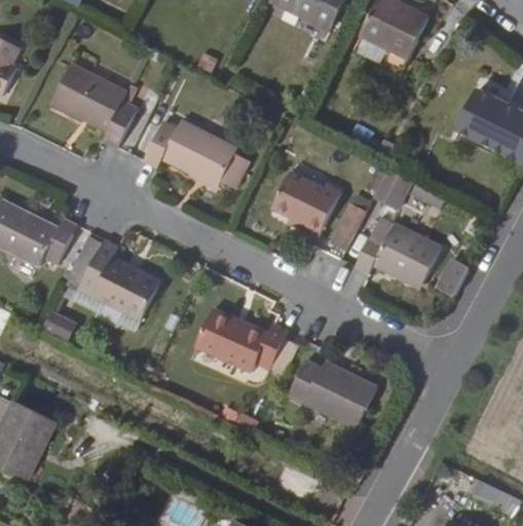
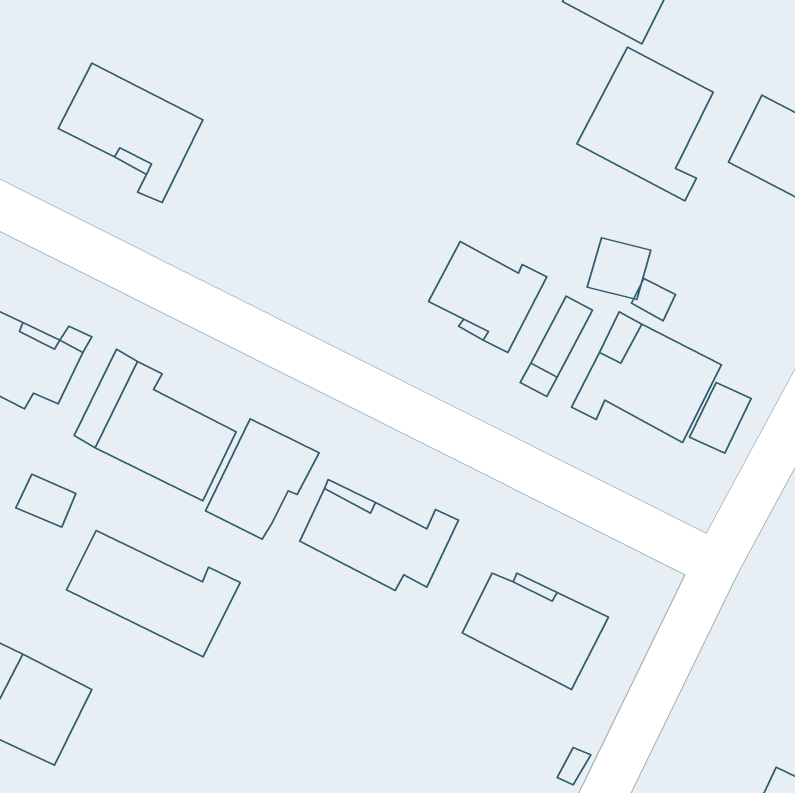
building: none -> [577,47,713,201]
building: [143,119,237,188] -> none
building: none -> [206,419,319,539]
building: none -> [67,531,240,657]

